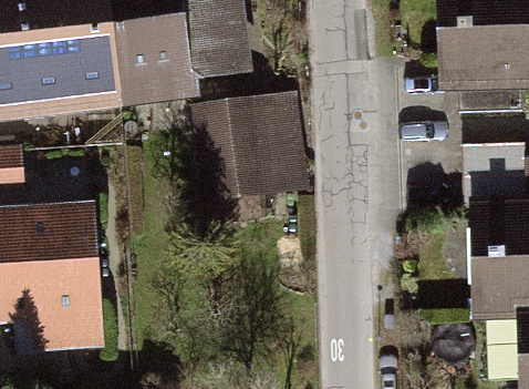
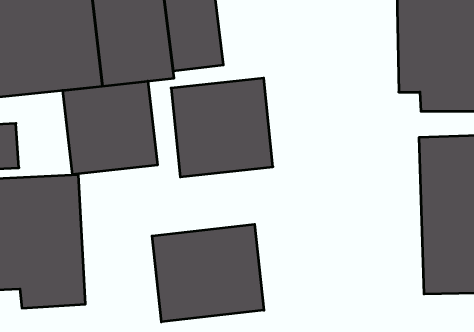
building: none -> [63,81,157,174]
building: none -> [152,224,264,322]

